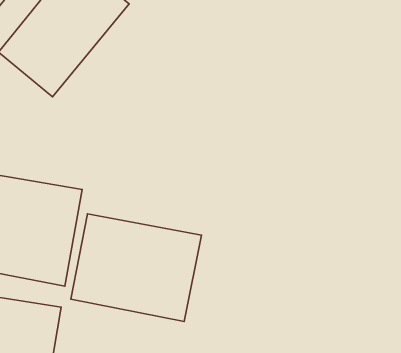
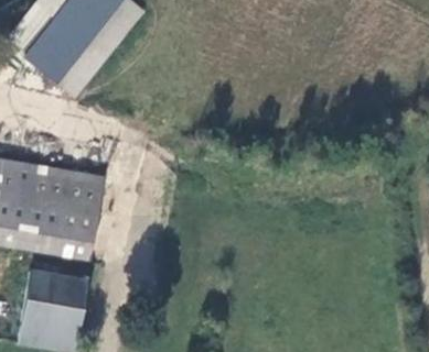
building: [71,214,202,322] -> none

